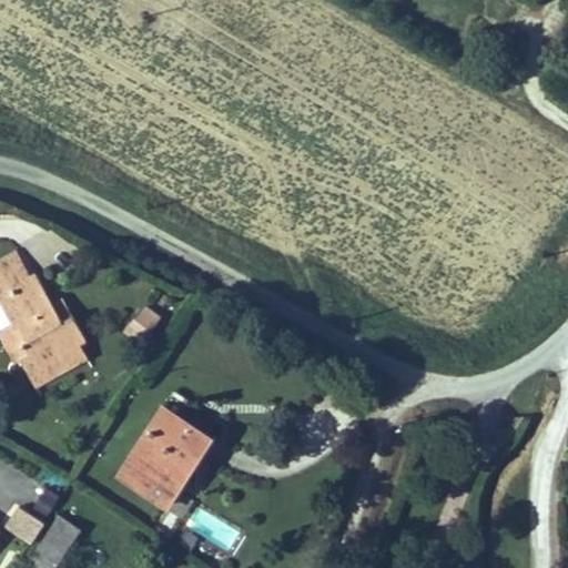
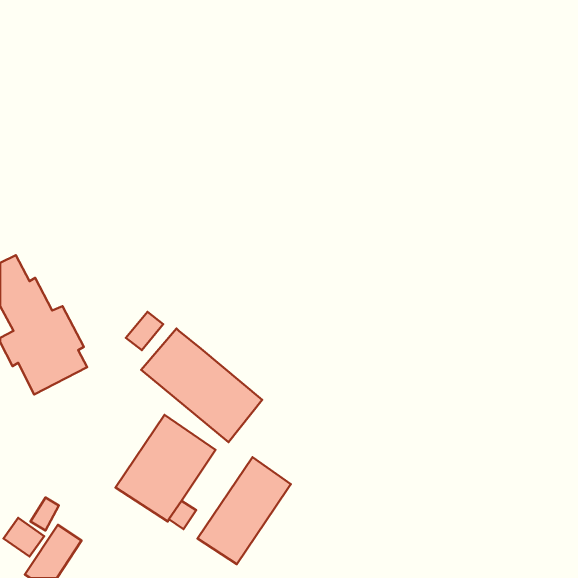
building: none -> [141,329,262,442]
building: none -> [198,457,291,564]

